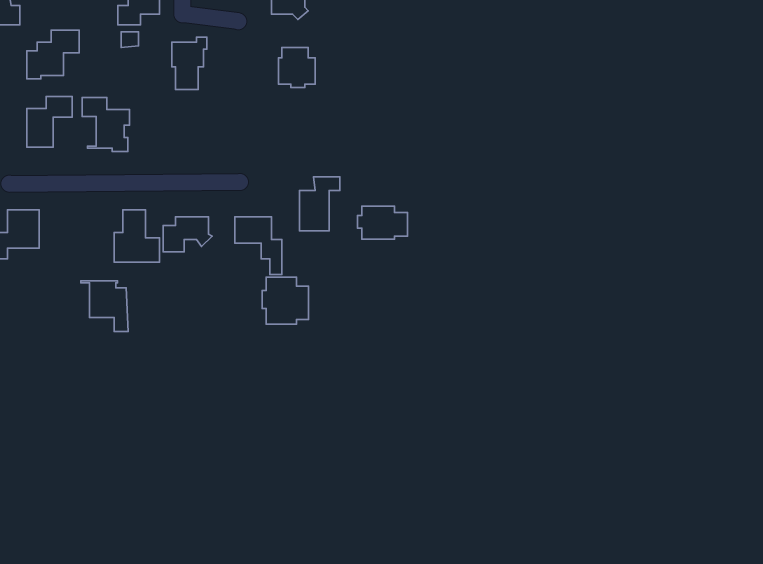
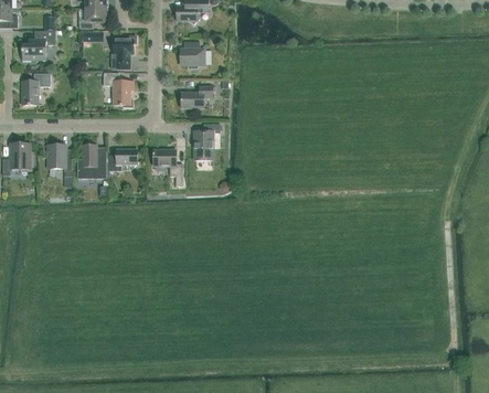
building: [82,97,129,152] -> [104,73,134,107]
building: none -> [181,85,213,108]
building: [357,206,408,239] -> none
building: [262,277,309,324] -> none
building: [81,281,128,332] -> [43,145,73,177]

